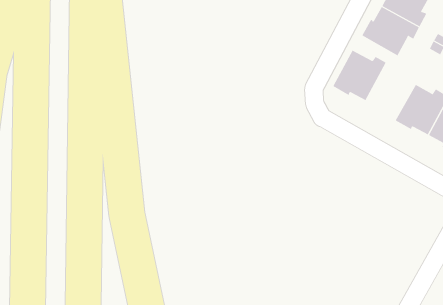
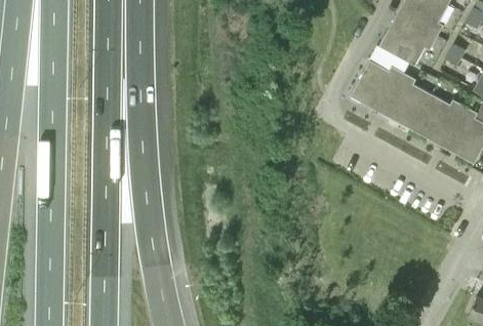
building: none -> [383,73,432,130]

